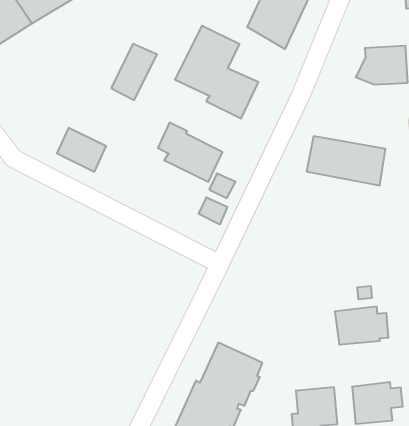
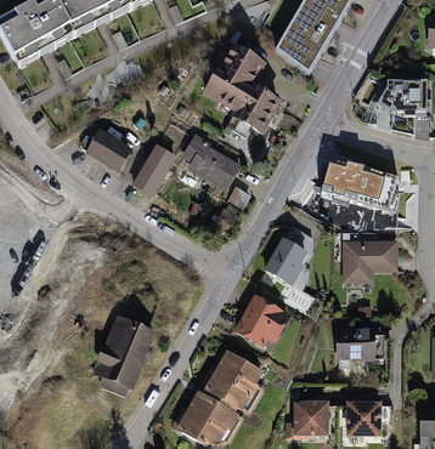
building: [111,44,157,100] -> [131,144,177,198]
building: none -> [264,226,312,286]
building: none -> [343,240,399,283]
building: none -> [233,294,292,348]
building: none -> [92,312,156,394]

